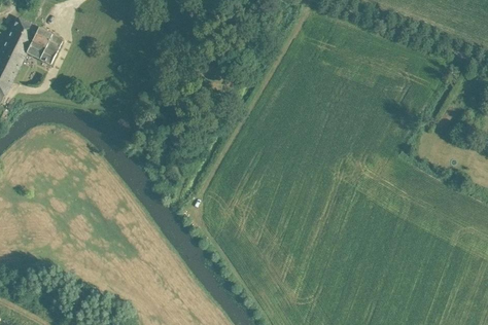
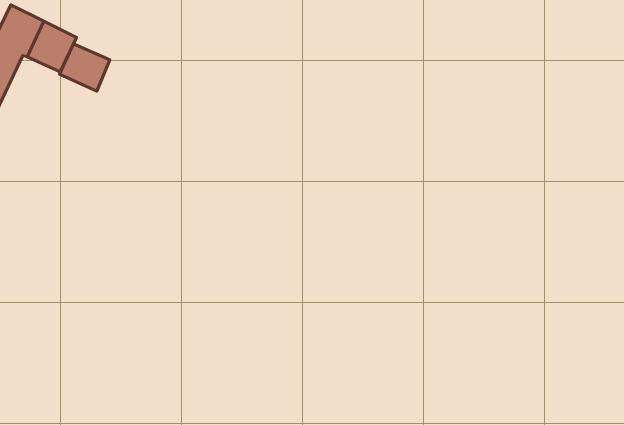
building: none -> [59,44,110,91]

